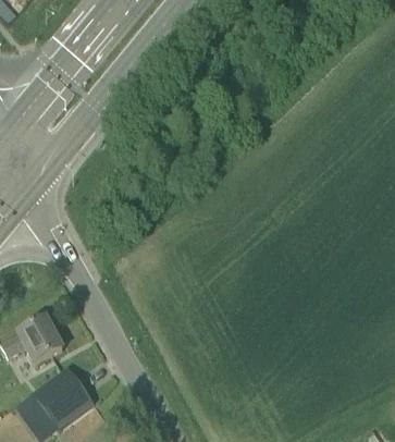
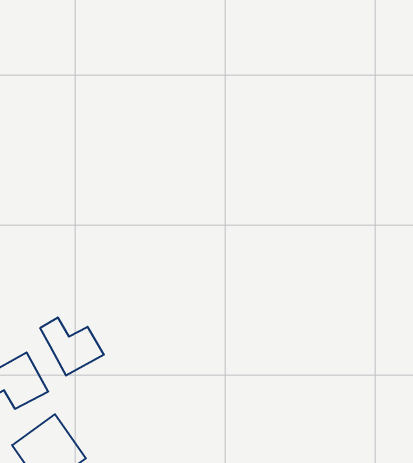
building: none -> [40,317,104,376]

